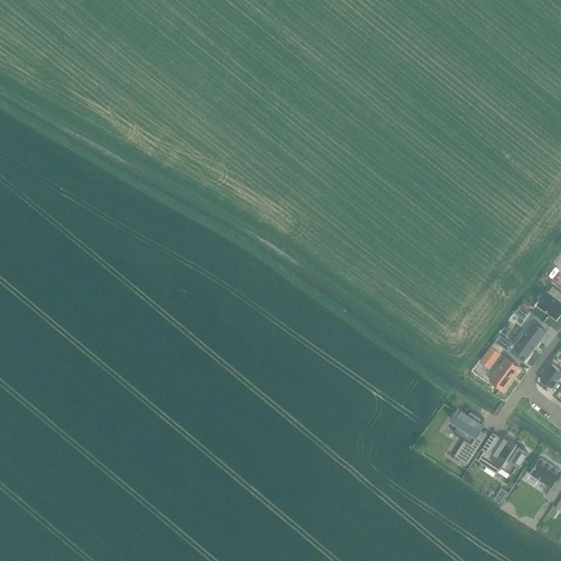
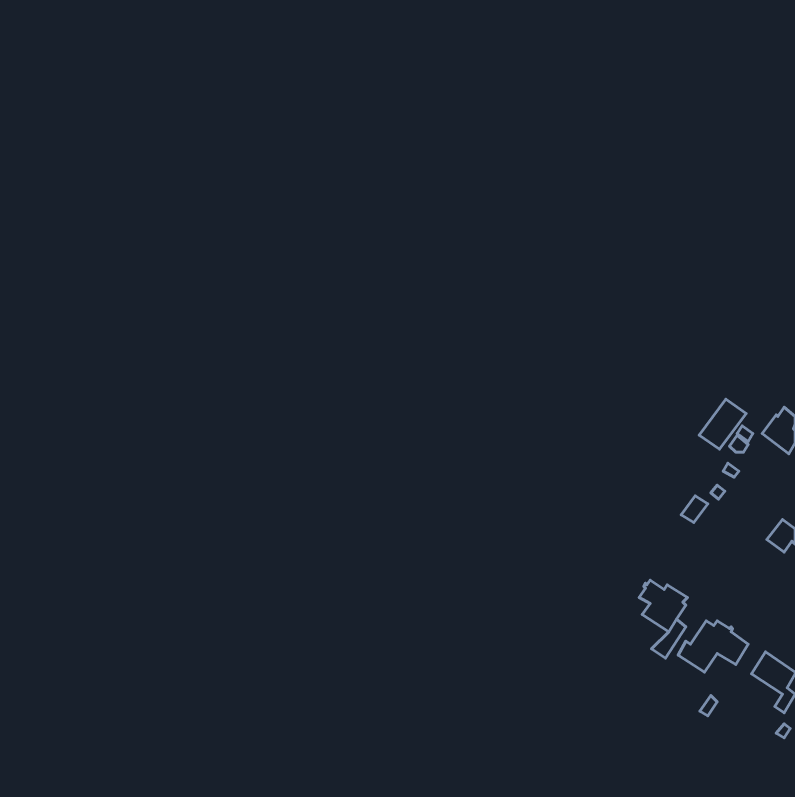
building: [512,322,545,357] -> [699,399,746,449]
building: [486,358,518,391] -> none

